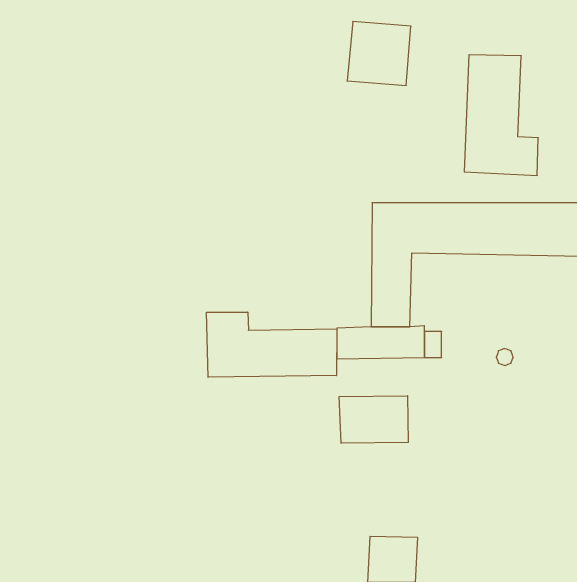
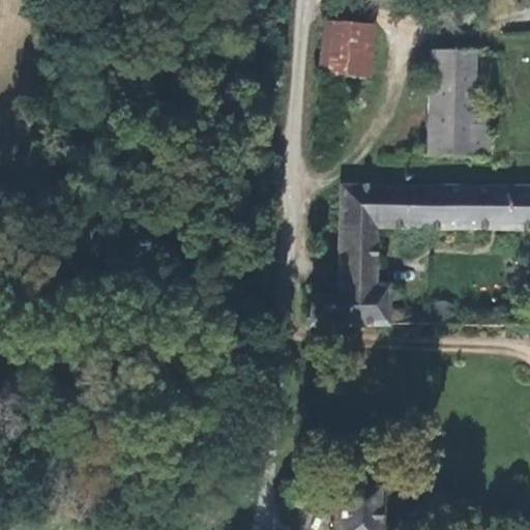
building: [207,312,337,377] -> none
building: [339,396,408,443] -> none

